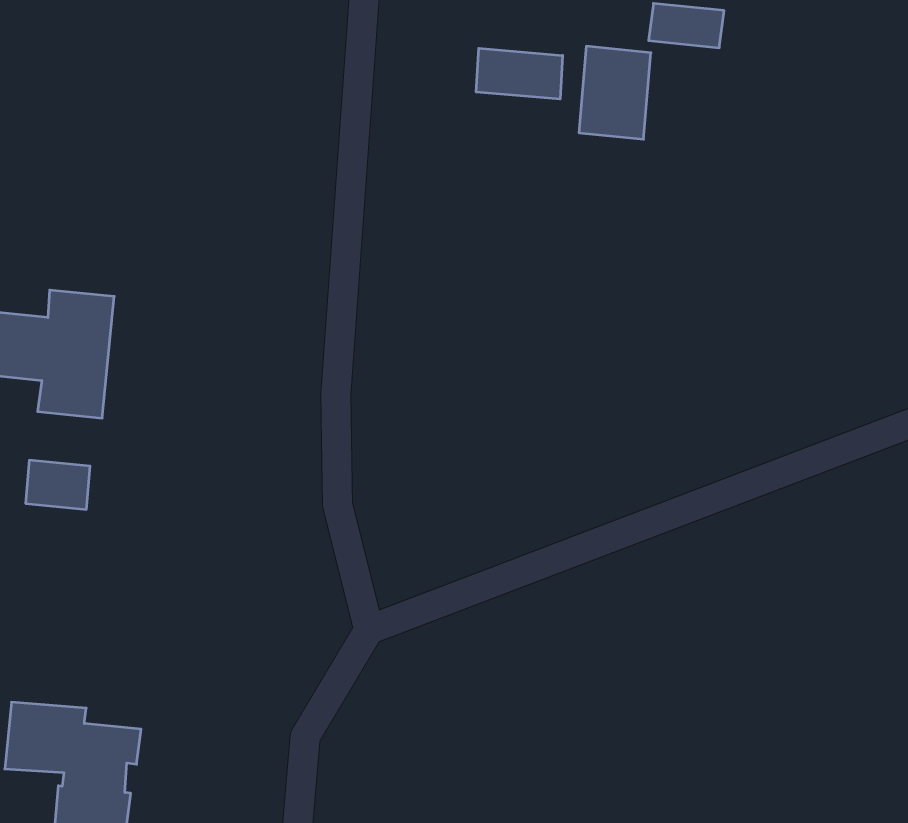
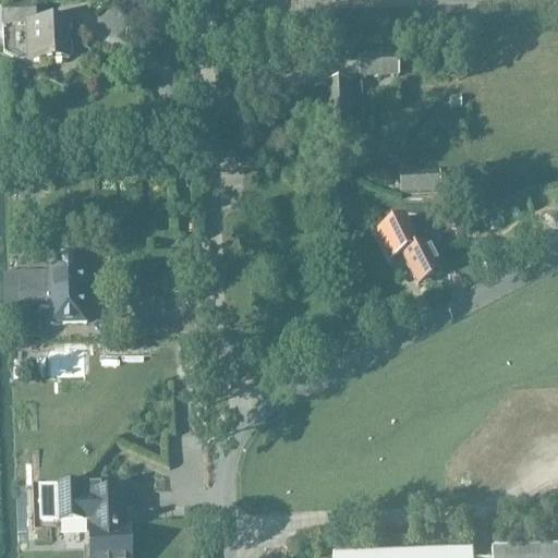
building: [476,48,563,99] -> none
building: none -> [400,168,440,189]
building: none -> [376,214,441,282]

